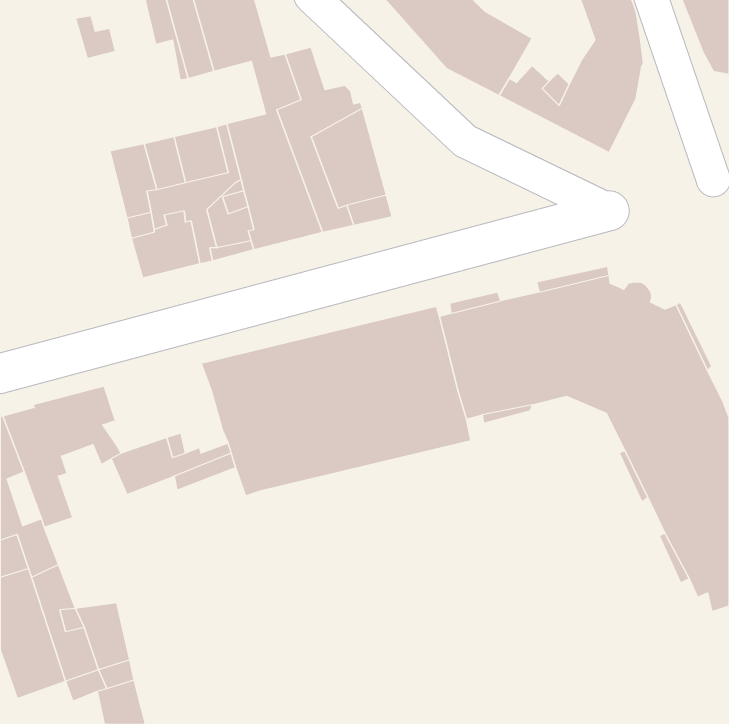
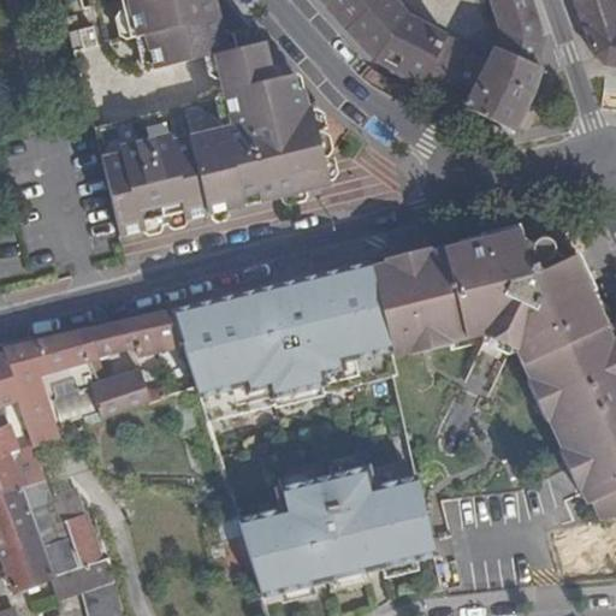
building: none -> [87,307,178,374]
building: none -> [238,464,438,593]

